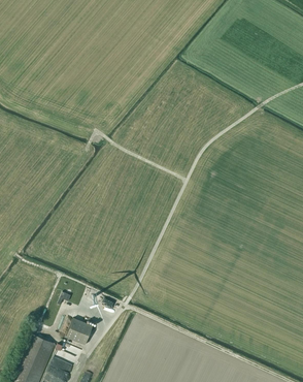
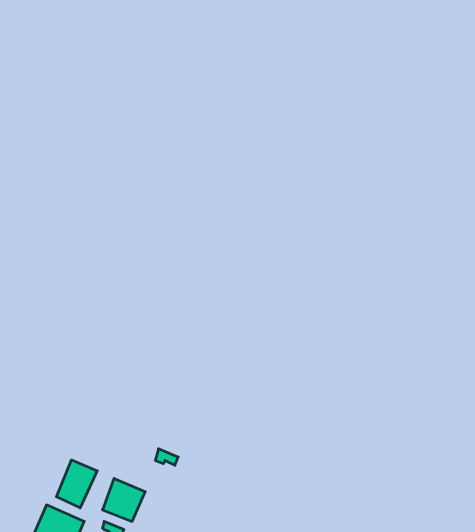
building: none -> [56,460,97,508]

